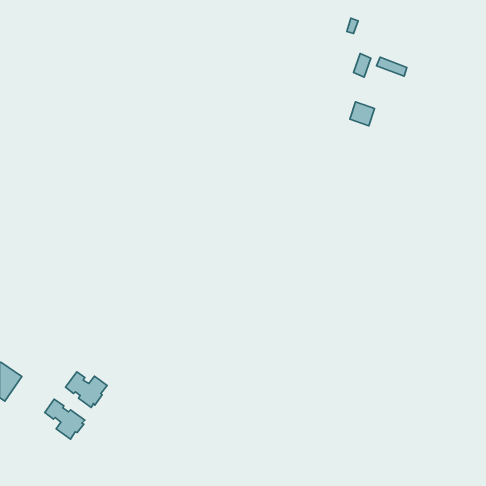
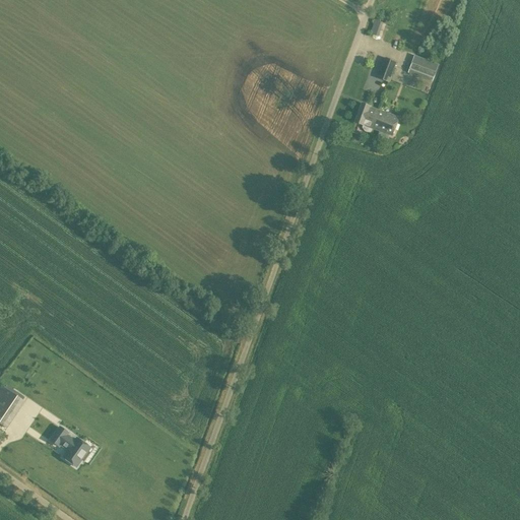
building: none -> [355,102,379,133]
building: [65,372,107,408] -> none

